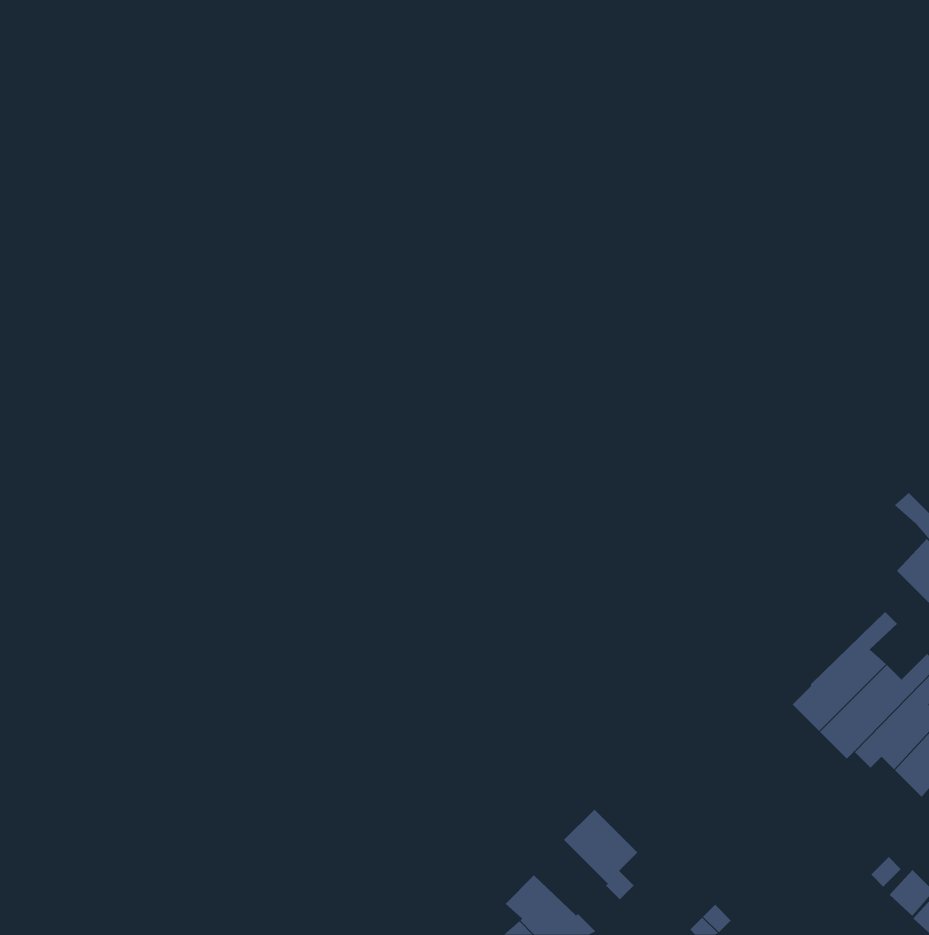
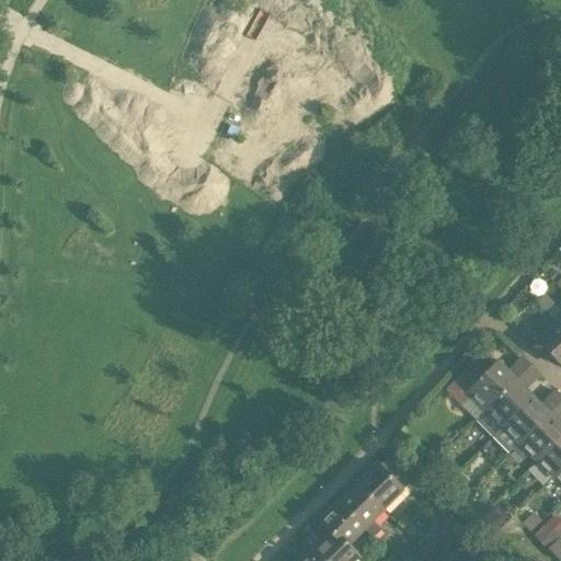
building: none -> [450,357,534,410]
building: none -> [359,458,414,511]
building: none -> [322,503,367,548]

